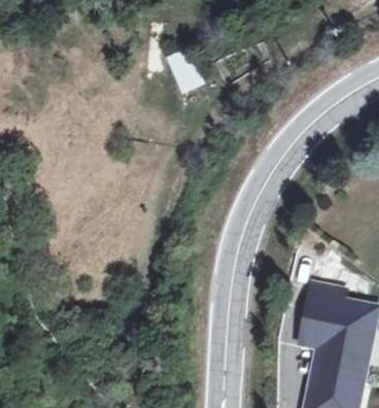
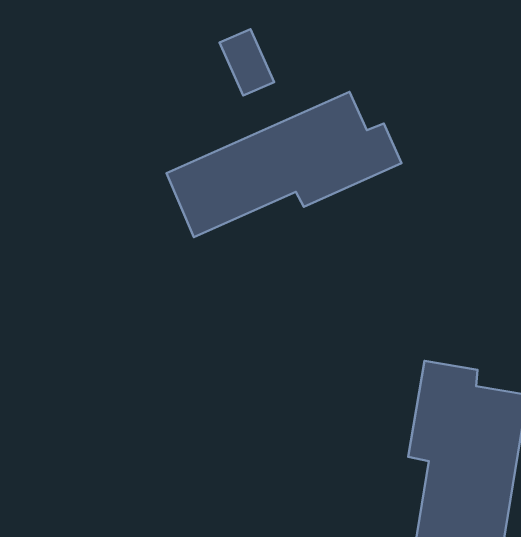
building: none -> [166,92,401,237]

